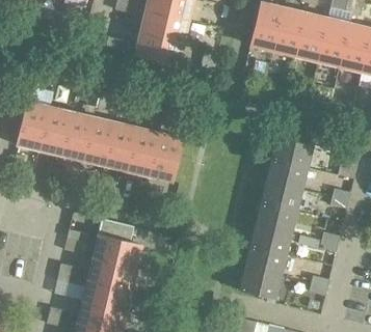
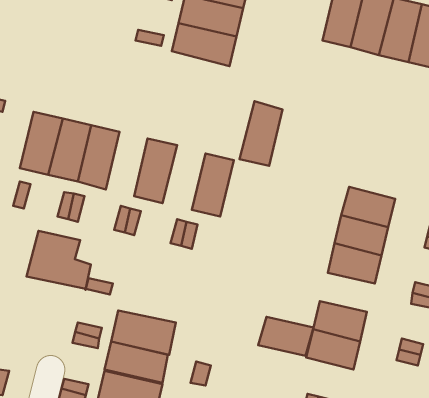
building: [83,116,115,166] -> none
building: [127,127,160,176] -> [240,101,283,166]
building: [271,137,313,168] -> none
building: [92,219,142,265] -> [26,231,91,290]
building: [248,225,291,255] -> [258,317,313,356]

